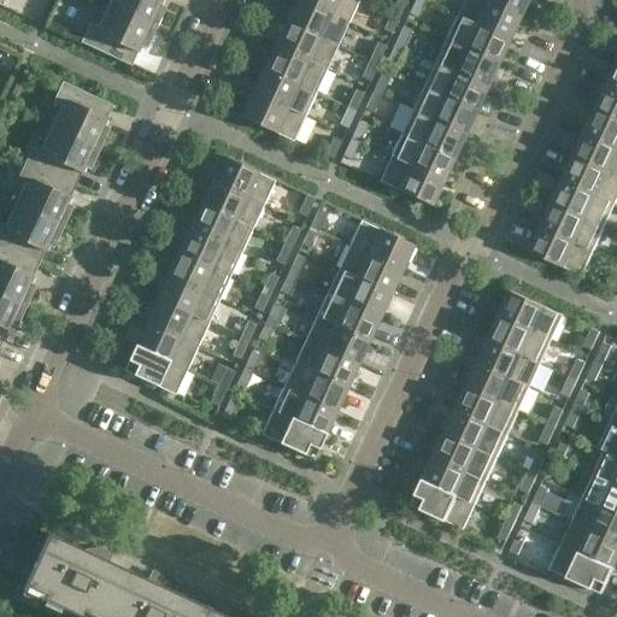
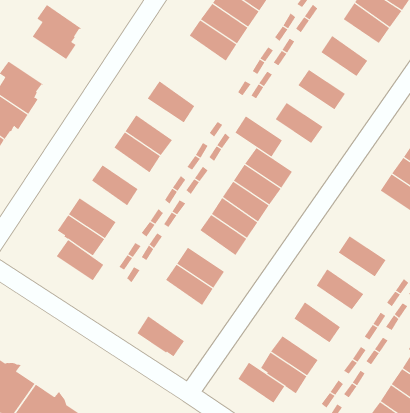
building: [435,39,498,87] -> none
building: [412,86,476,134] -> none
building: [241,92,305,141] -> none
building: [25,125,100,184] -> none
building: [390,133,454,181] -> [234,116,283,157]
building: [200,181,264,229] -> none
building: [168,251,230,299] -> none
building: [499,290,563,339] -> none
building: [145,298,208,346] -> [56,239,104,281]
building: [294,339,358,387] -> none
building: [477,339,541,387] -> none
building: [456,386,518,434] -> none
building: [262,410,325,458] -> [136,315,185,357]
building: [434,433,496,481] -> [237,362,285,404]

